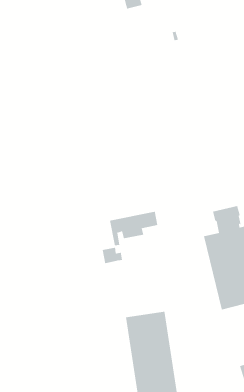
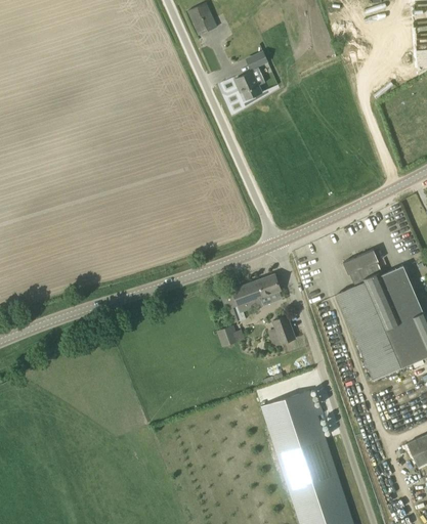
building: none -> [234,72,260,99]
building: none -> [271,315,295,344]

